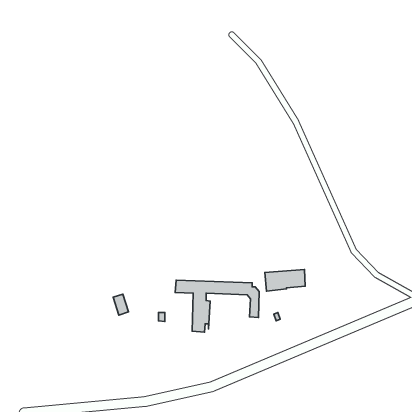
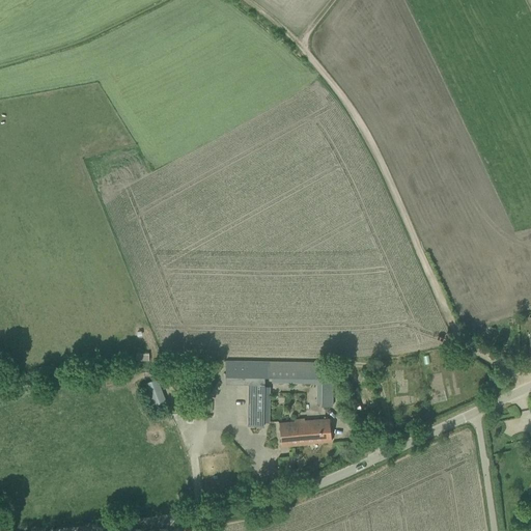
building: [265,269,305,291] -> [278,420,330,448]

